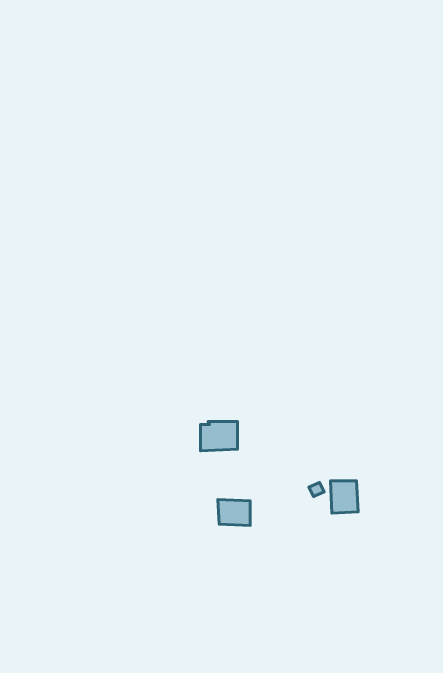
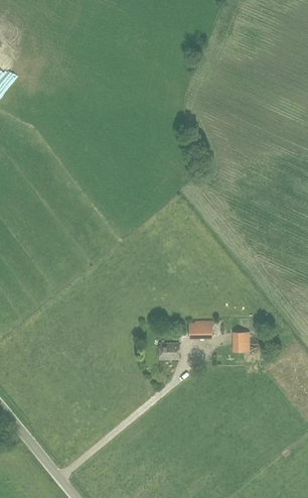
building: [200,421,237,451] -> [188,320,212,339]

